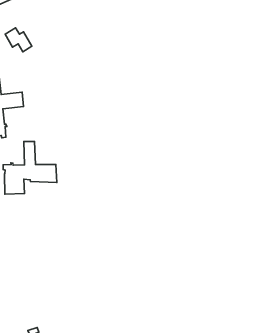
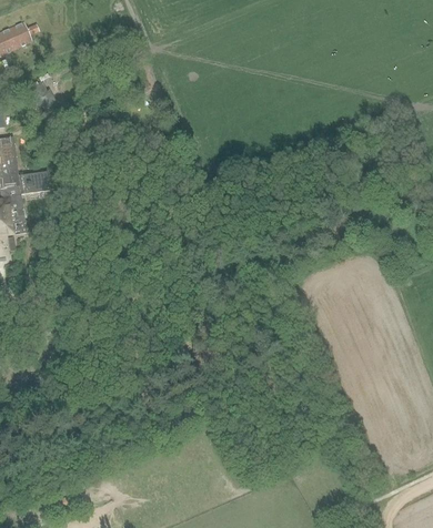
building: [3,142,57,194] -> none

